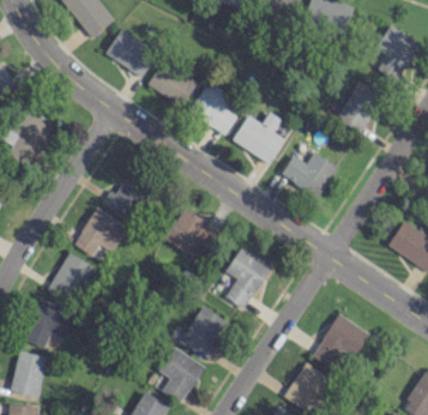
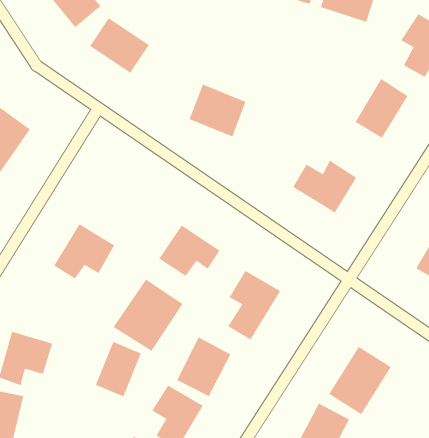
building: [146,61,195,106] -> none
building: [231,113,284,164] -> none
building: [102,176,151,221] -> none
building: [49,253,90,302] -> [95,341,142,397]
building: none -> [113,278,183,352]

